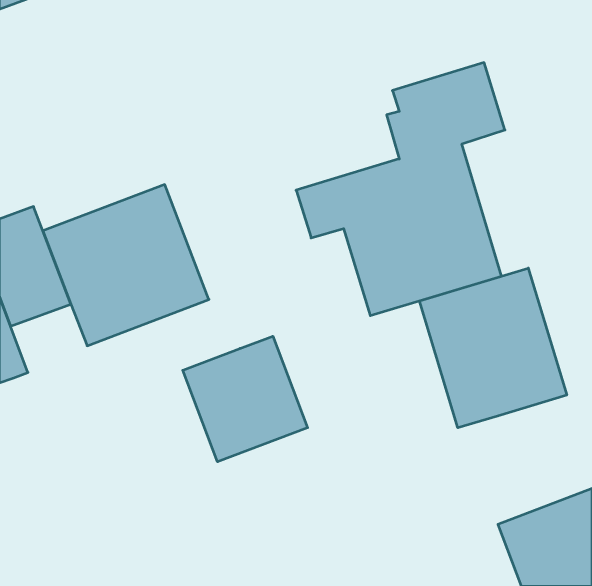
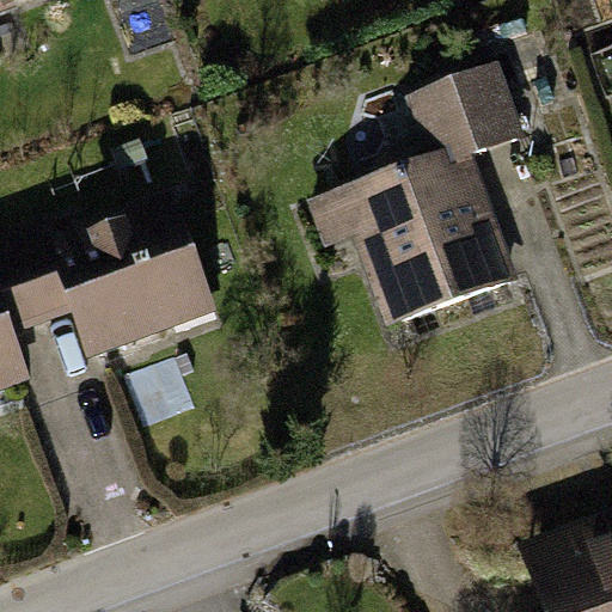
building: [419,268,567,428] -> none
building: [183,336,308,462] -> none

